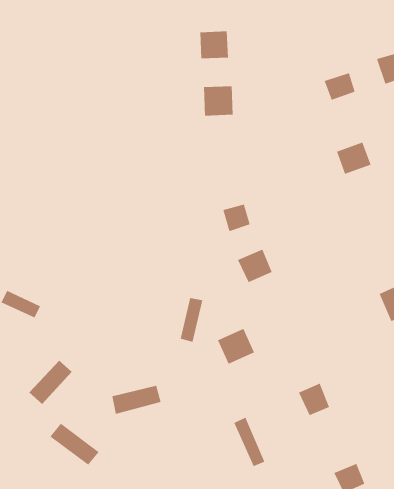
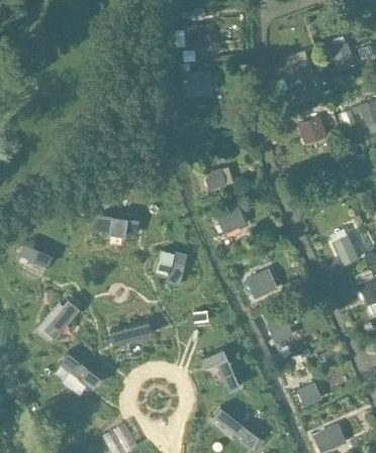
building: none -> [97,212,140,237]
building: [217,328,255,365] -> [247,270,278,301]

